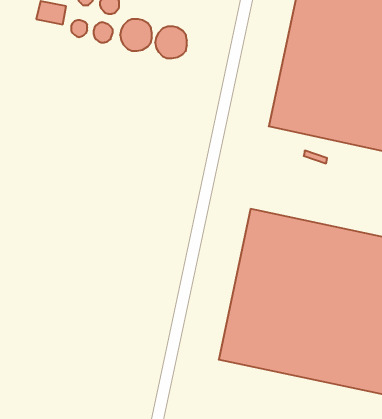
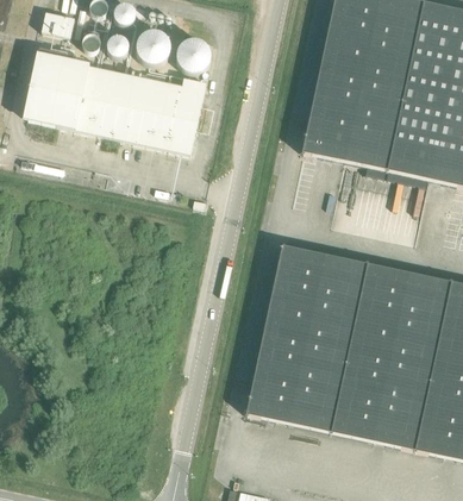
building: none -> [24,43,206,155]

